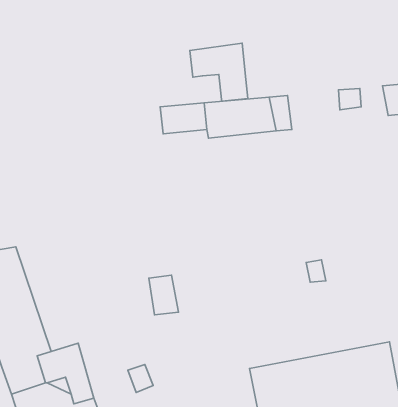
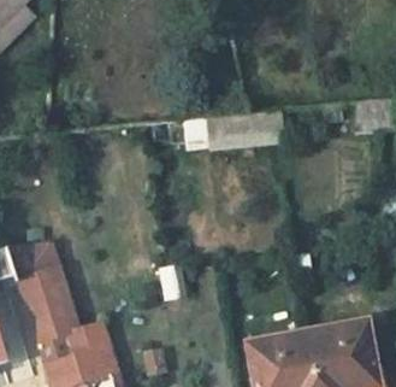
building: [190,43,248,101] -> none

